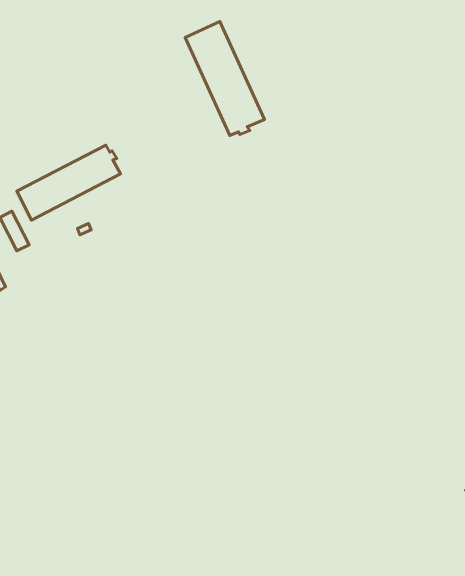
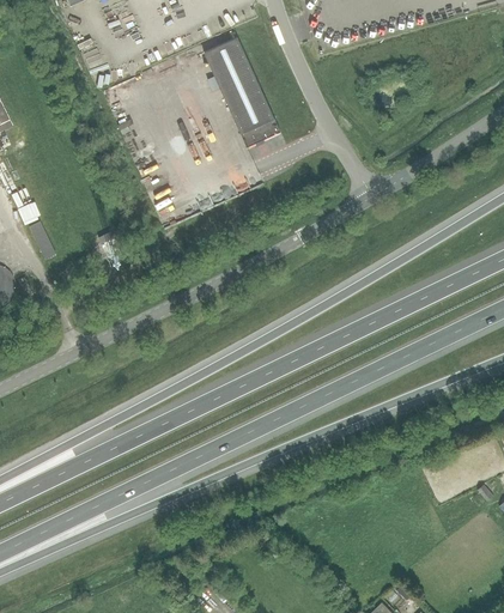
building: [17,145,121,220] -> none

